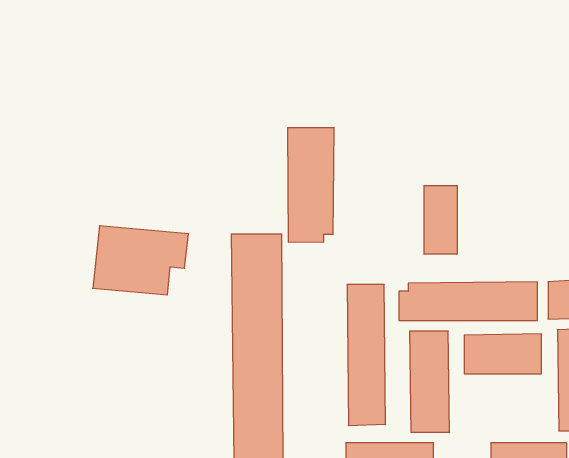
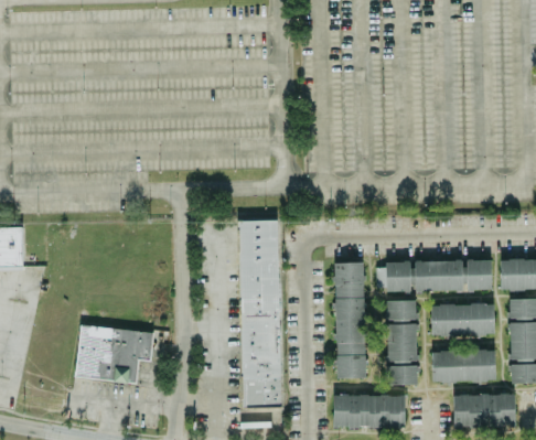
building: [288,127,334,242] -> none
building: [424,185,457,254] -> none
building: [93,226,189,295] -> [75,325,154,383]
building: none -> [432,350,496,382]

